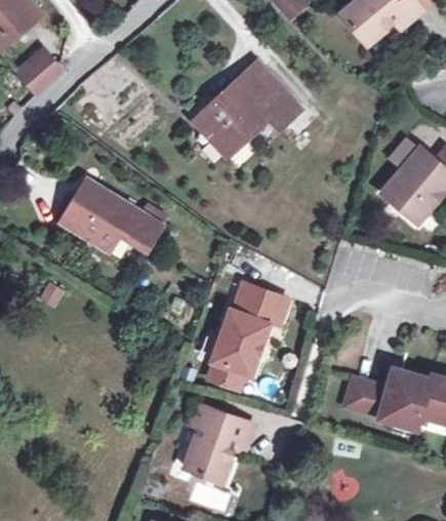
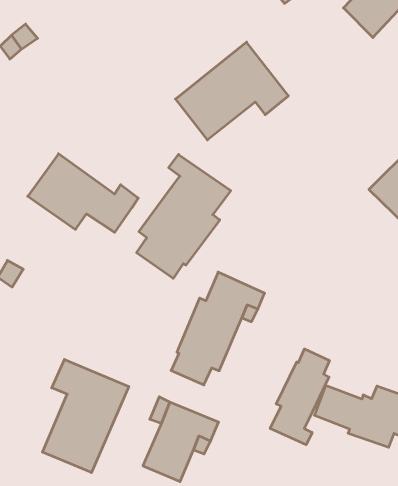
building: none -> [137,154,231,278]
building: none -> [270,349,329,445]
building: none -> [42,359,129,473]

